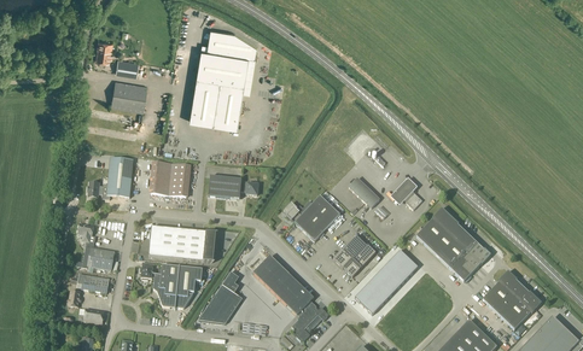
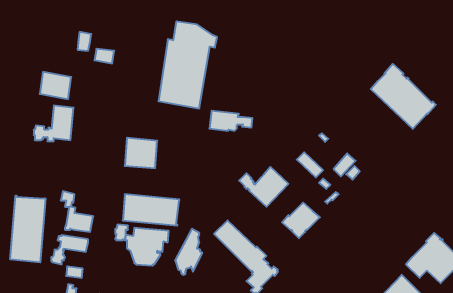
building: [111,78,147,110] -> [40,72,71,99]
building: [87,157,133,198] -> [34,106,74,141]
building: [208,175,257,198] -> [209,111,252,131]
building: [415,206,490,281] -> [371,64,436,129]
building: none -> [10,196,46,262]
building: [354,250,418,318] -> none

